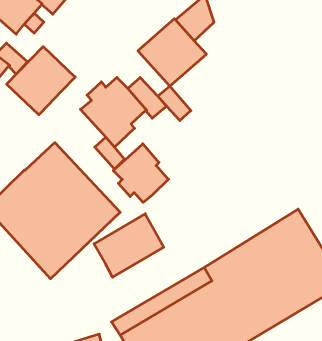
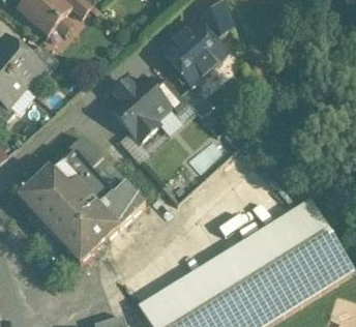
building: [7,47,75,115] -> none
building: [113,144,169,202] -> none
building: [94,214,164,277] -> none

